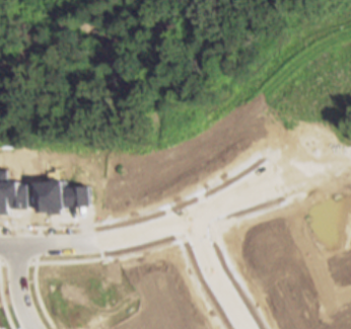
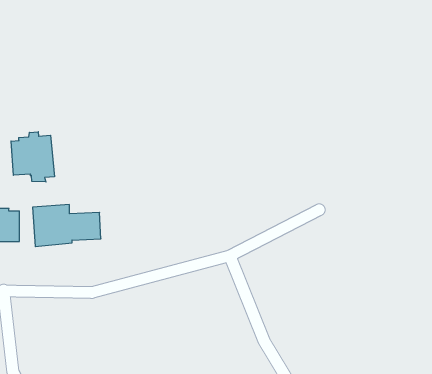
building: none -> [11,132,54,182]

